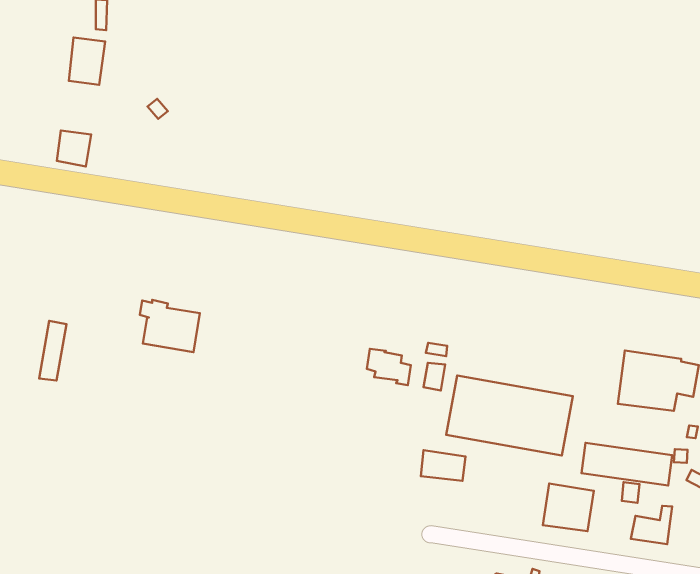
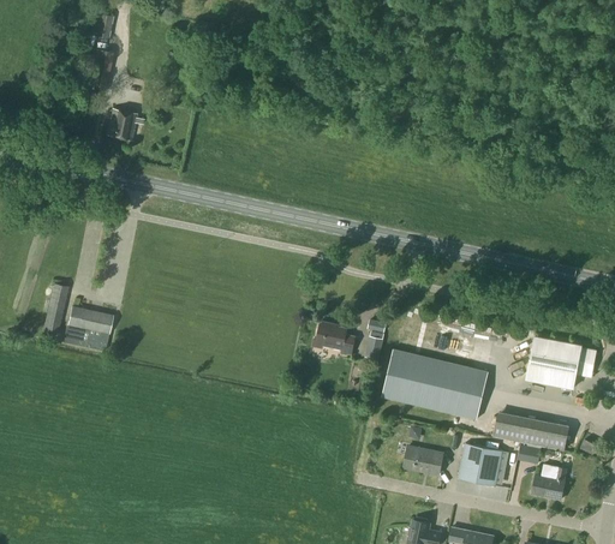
building: [57,131,91,166] -> [107,109,137,141]
building: [140,300,200,352] -> [61,306,112,352]
building: [421,450,465,481] -> [404,447,442,474]

